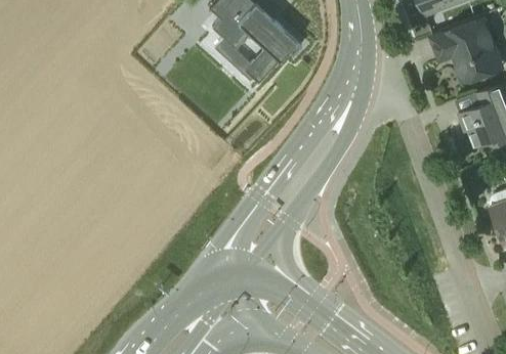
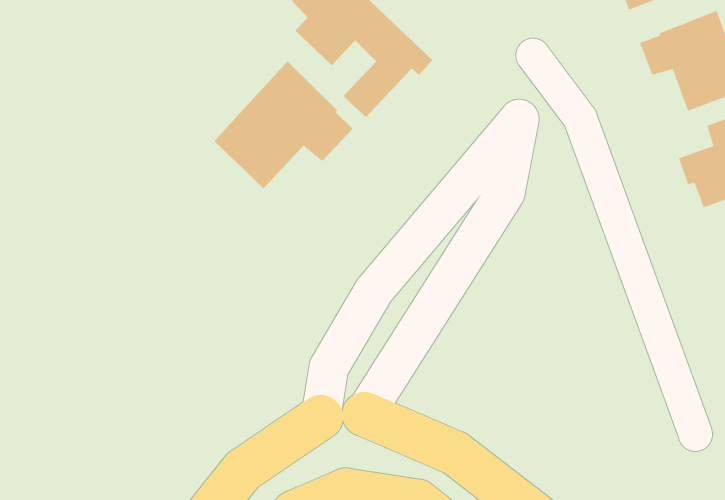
building: none -> [213,60,354,189]

